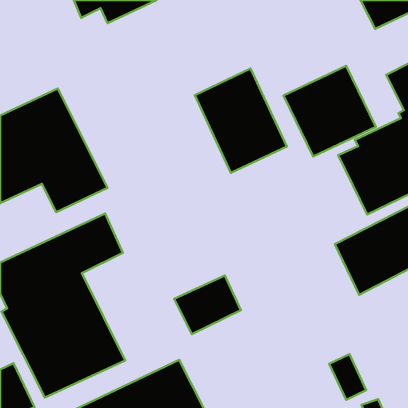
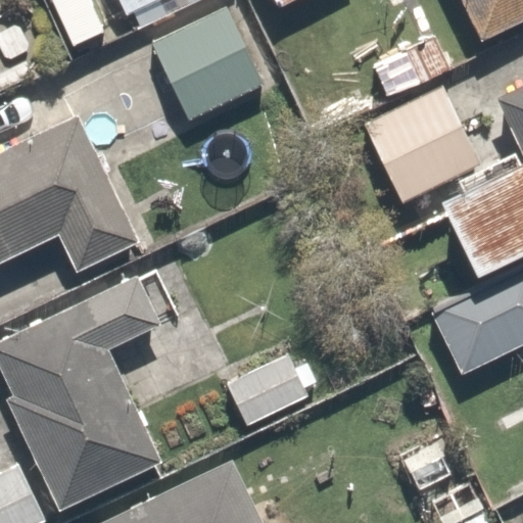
building: none -> [153,8,267,122]
building: [195,69,287,173] -> none

